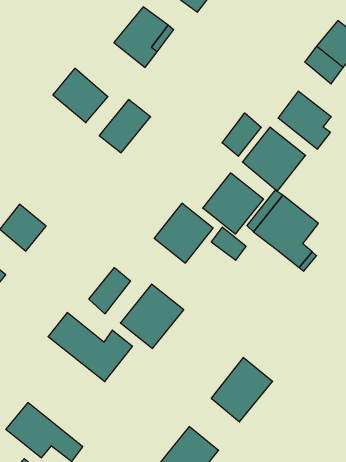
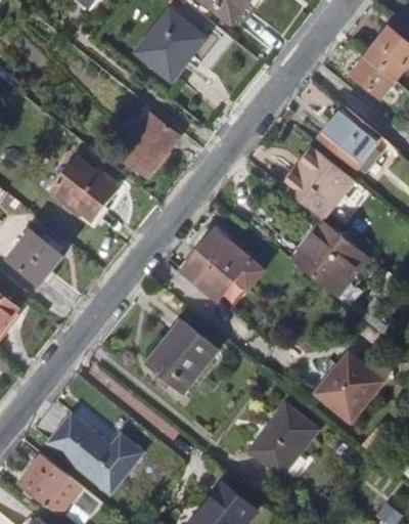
building: [53,68,108,123] -> [54,159,116,219]
building: [222,113,261,156] -> none
building: [203,173,263,234] -> none
building: [89,268,130,314] -> none
building: [48,313,132,382] -> [48,414,142,491]
building: none -> [314,354,379,420]

